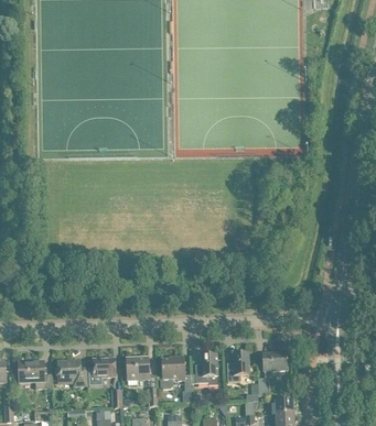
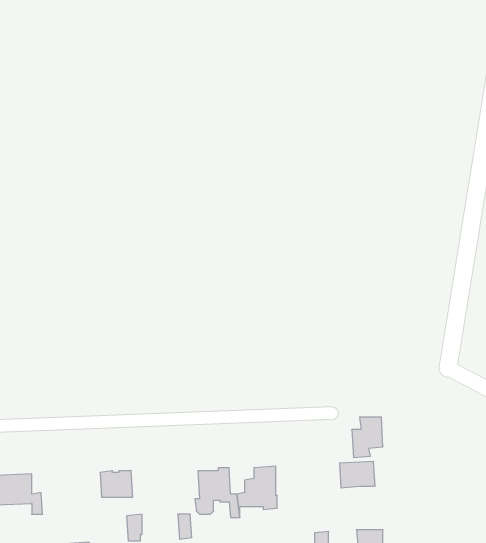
building: [227,352,249,381] -> [352,417,383,458]
building: [127,356,150,383] -> none
building: [56,358,88,383] -> none

